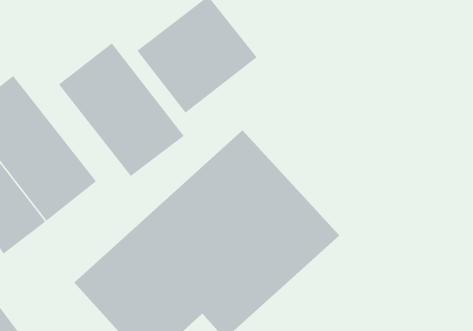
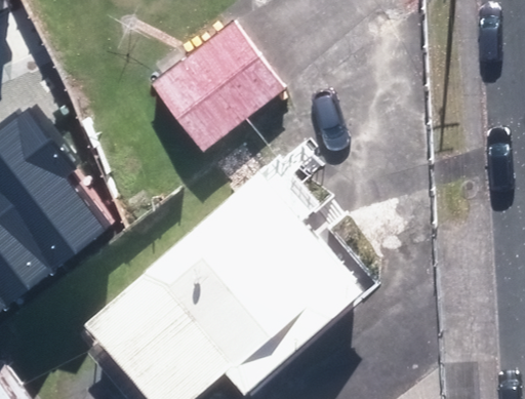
building: [58,42,185,177] -> none

